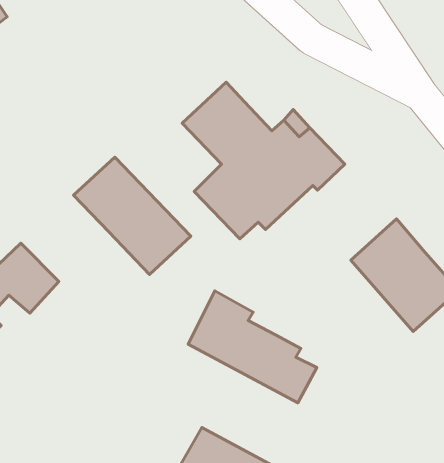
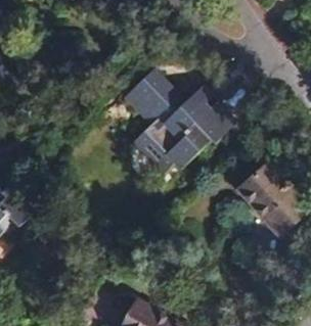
building: [73,157,191,274] -> none
building: [188,291,317,403] -> none

